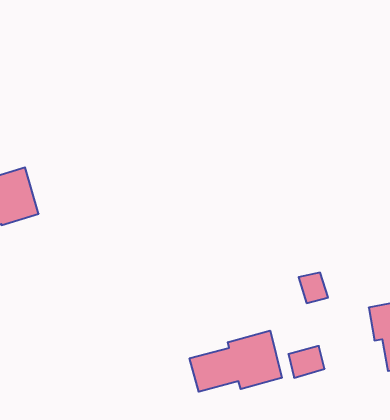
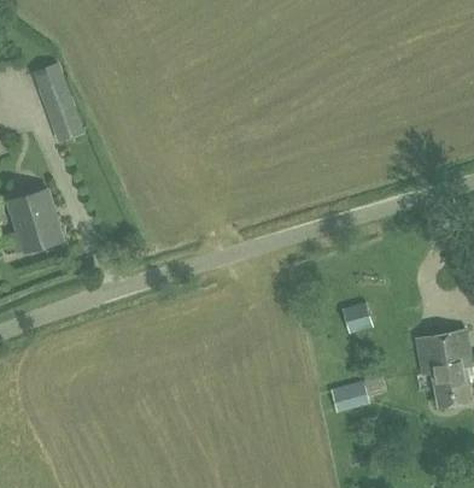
building: none -> [37,77,83,141]
building: [190,331,282,392] -> none

